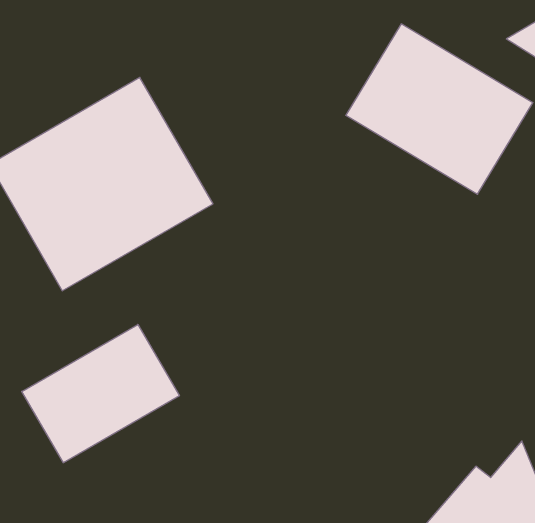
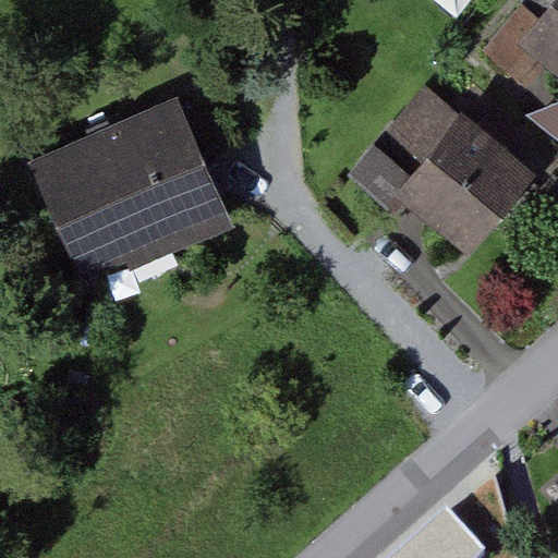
building: [22,324,179,463] -> none

